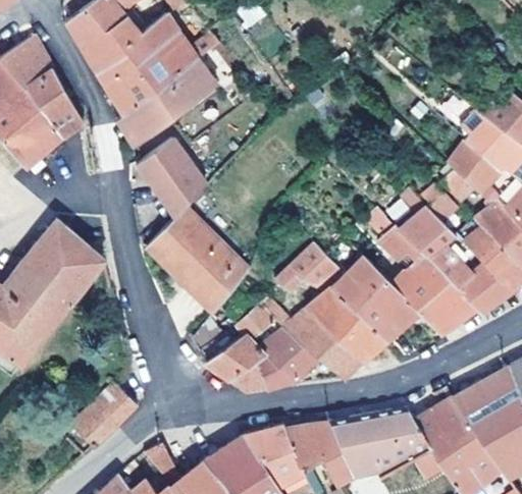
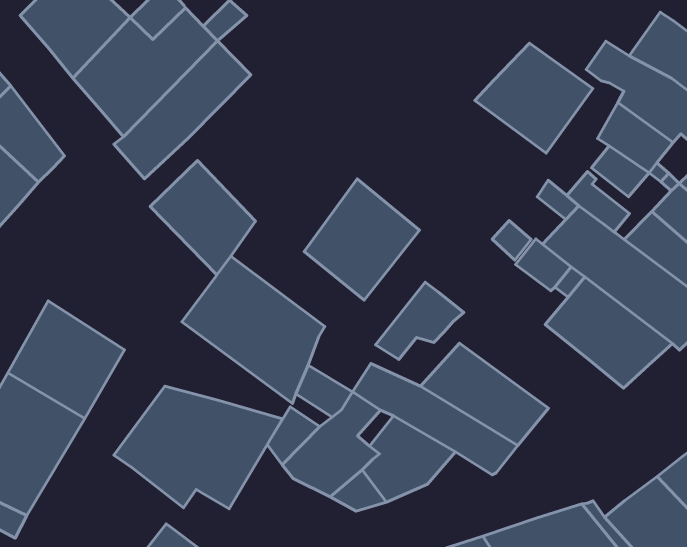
building: none -> [475,43,593,153]
building: none -> [304,179,419,300]
building: [332,256,420,341] -> none
building: none -> [114,386,282,509]

